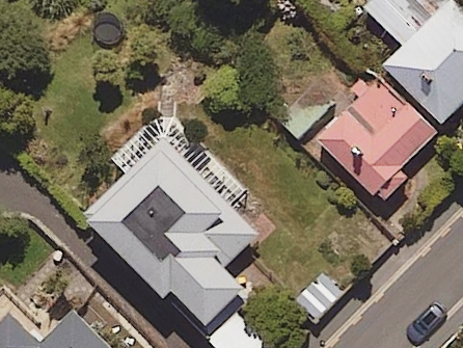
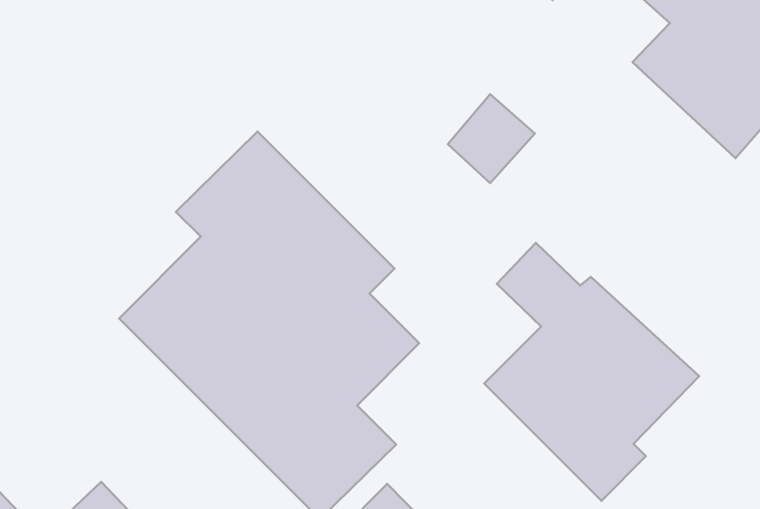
building: [311,54,437,205] -> [484,243,699,501]

